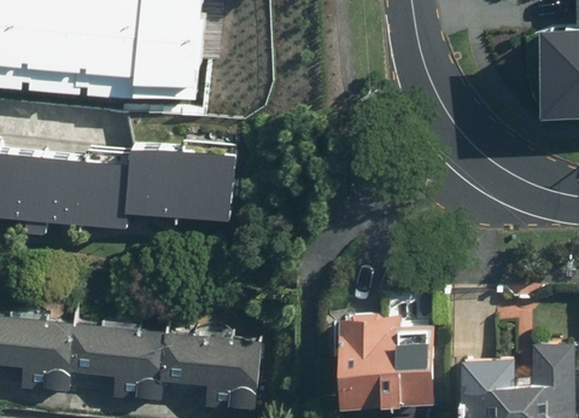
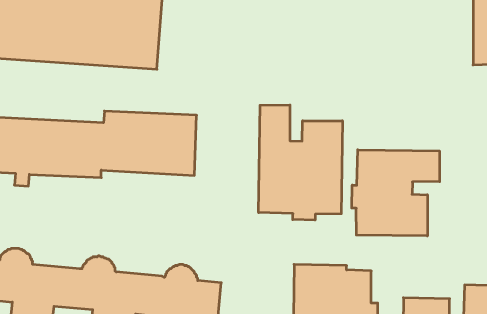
building: none -> [259,105,342,220]
building: none -> [352,150,440,236]

